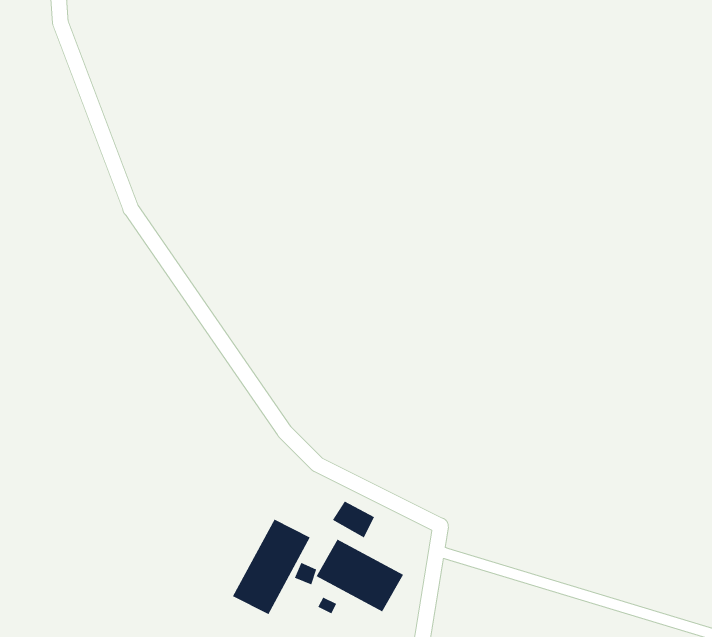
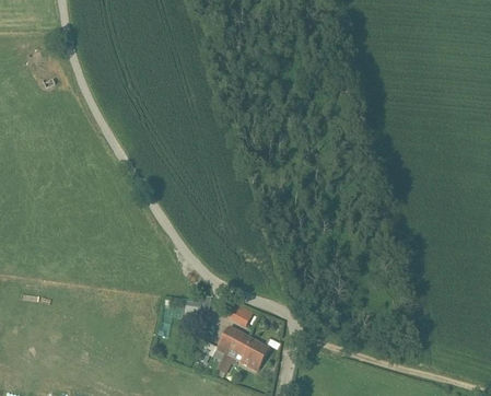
building: [232,519,311,615] -> none

